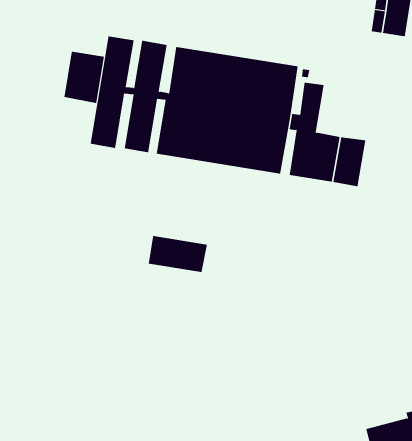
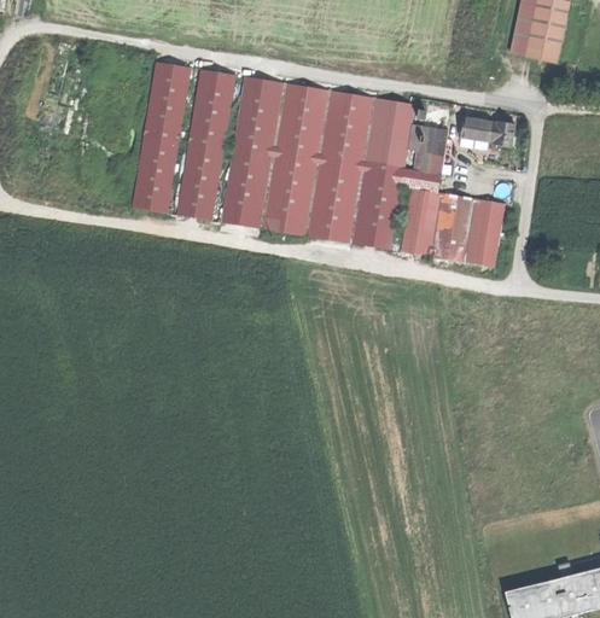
building: [64,51,104,104] -> none
building: none -> [461,116,515,146]
building: [148,235,207,273] -> none

